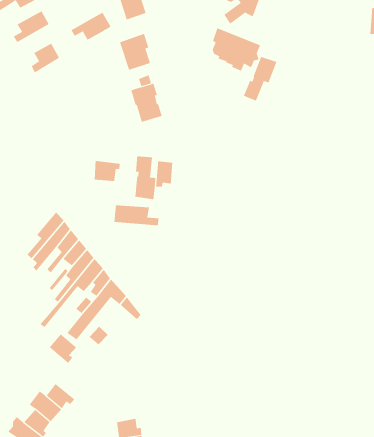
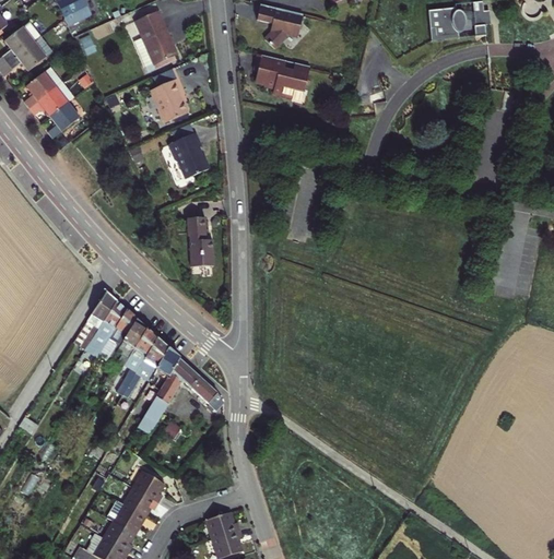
building: [70,12,111,40] -> [33,81,79,116]
building: [243,56,277,101] -> none
building: [94,160,120,182] -> none
building: [156,160,173,188] -> none
building: [114,205,159,226] -> none
building: [49,334,77,364] -> [132,468,164,501]

